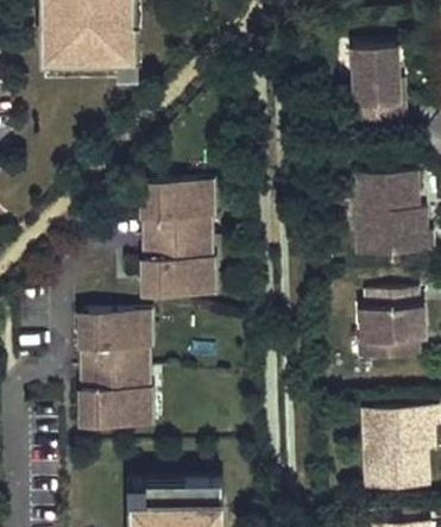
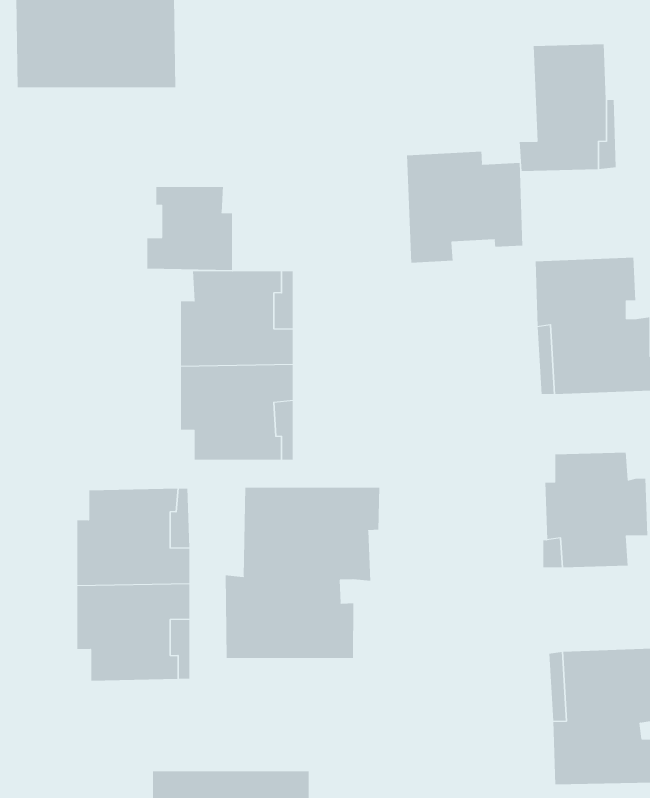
building: none -> [406,151,523,264]
building: none -> [147,186,233,271]
building: none -> [225,487,380,659]

